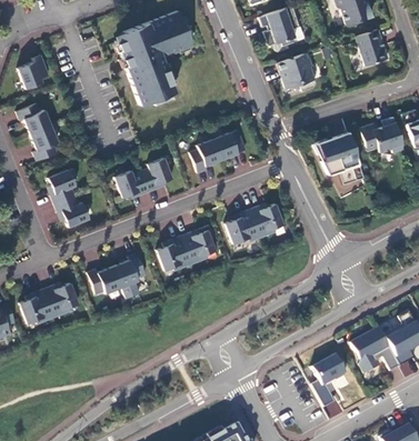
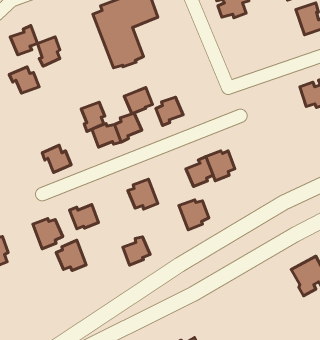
building: [278,52,316,90] -> none
building: [31,127,58,161] -> [37,37,60,66]
building: [213,129,247,160] -> [124,88,153,114]
building: [312,130,365,183] -> none
building: [49,170,77,204] -> [81,102,105,131]
building: [181,229,217,264] -> [179,200,209,230]
building: [114,253,147,287] -> [123,237,150,265]
building: [20,289,56,324] -> [56,240,86,270]
building: [311,353,346,407] -> none

